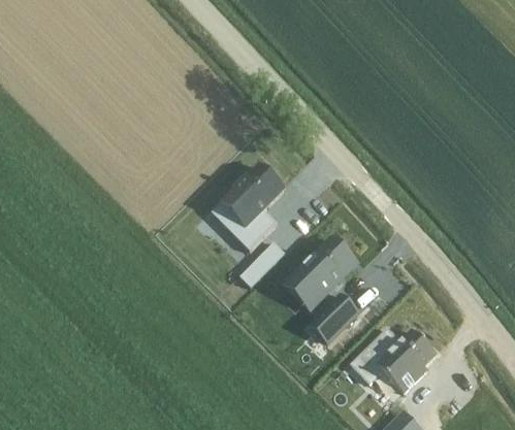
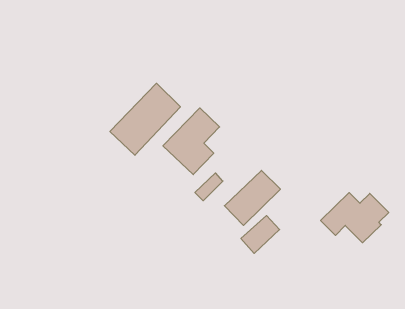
building: none -> [110,83,180,155]
building: [352,330,438,393] -> [321,193,389,243]

